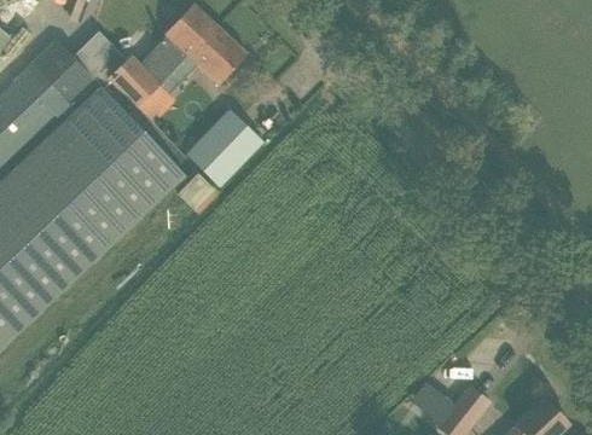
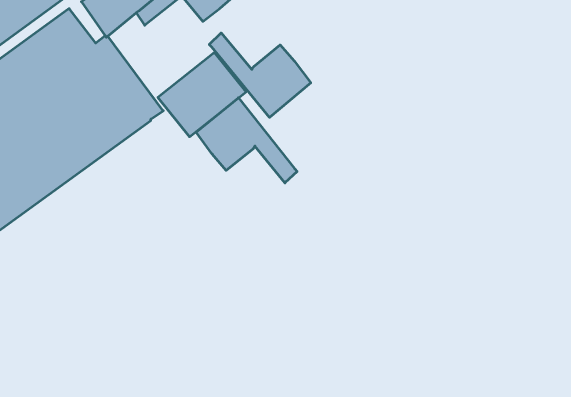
building: none -> [209,33,311,117]
building: none -> [196,98,297,183]

